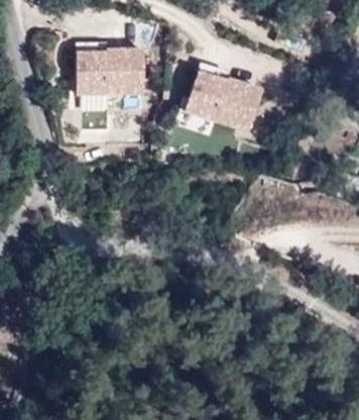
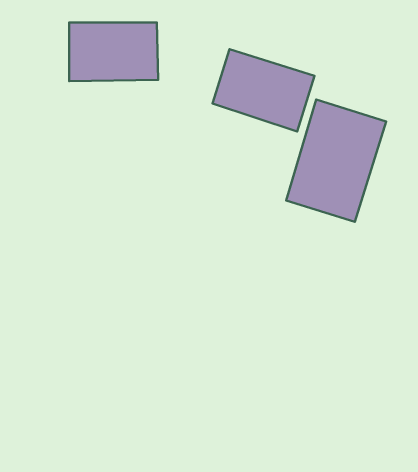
building: none -> [286,99,386,222]

